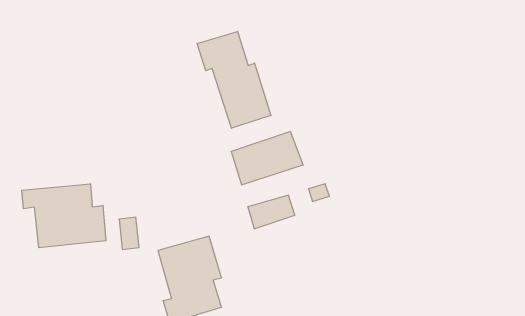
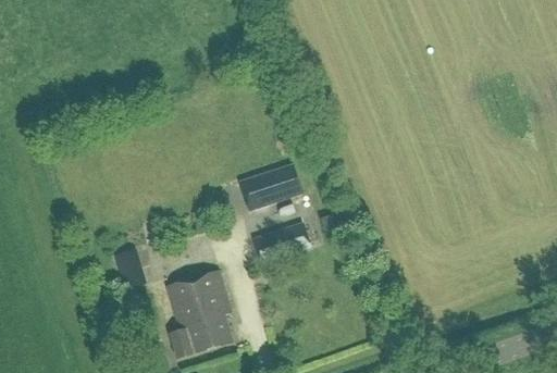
building: [197,31,271,128] -> none
building: [22,184,106,248] -> none

